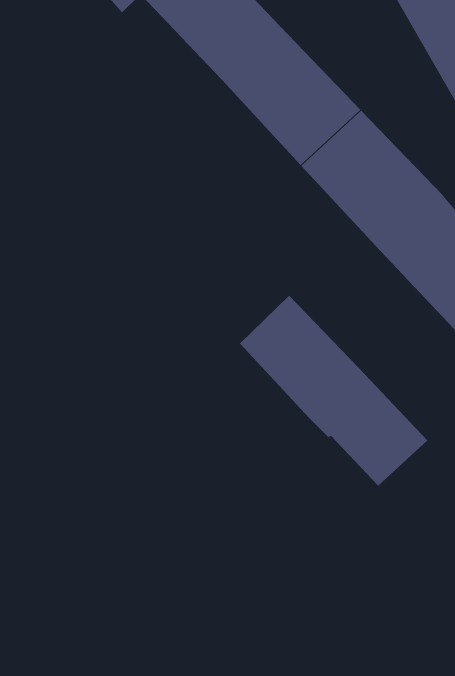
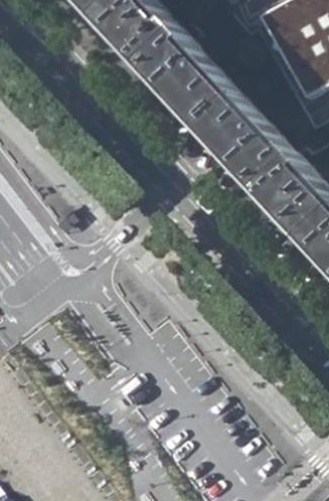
building: [239,295,428,486] -> none

